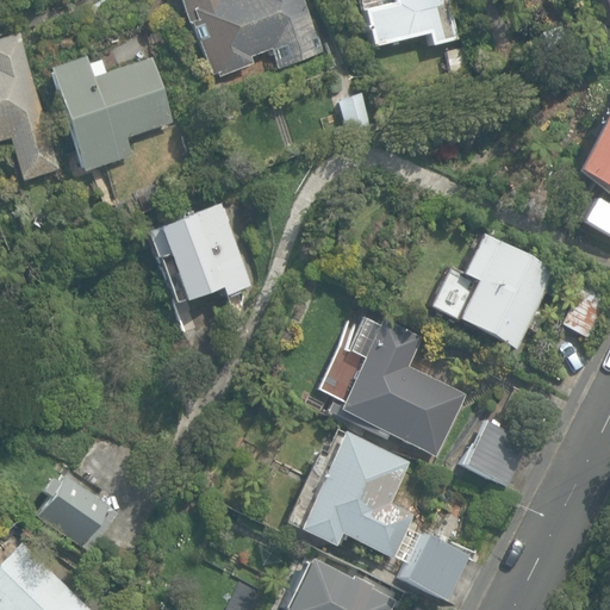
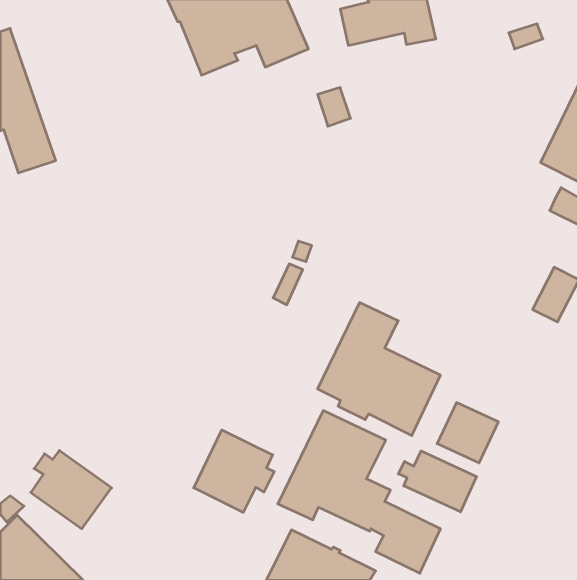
building: [49,55,175,172] -> none
building: [144,203,250,303] -> none
building: [428,234,555,351] -> none
building: none -> [194,430,274,512]
building: none -> [398,451,477,512]

